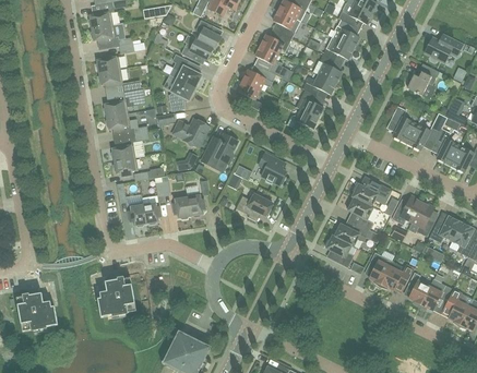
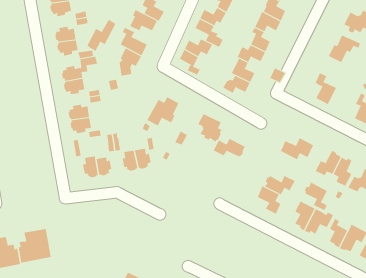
building: none -> [86,19,116,52]
building: [172,119,207,146] -> none
building: [406,123,441,149] -> none
building: [235,193,272,215] -> [213,138,245,157]
building: [345,195,372,229] -> [304,181,328,211]
building: [97,277,135,316] -> [18,229,51,263]

